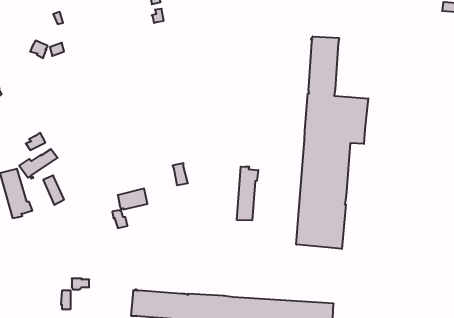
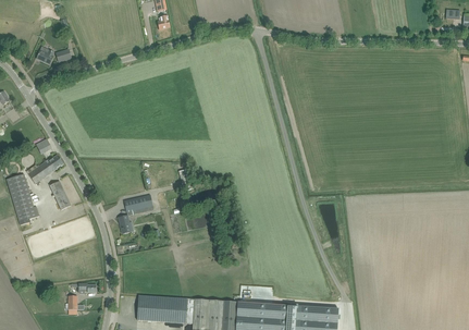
building: [296,36,368,249] -> none
building: [237,167,258,220] -> none

